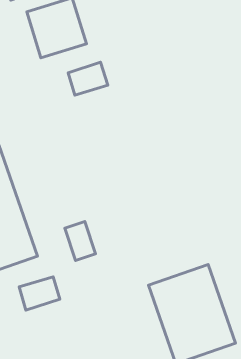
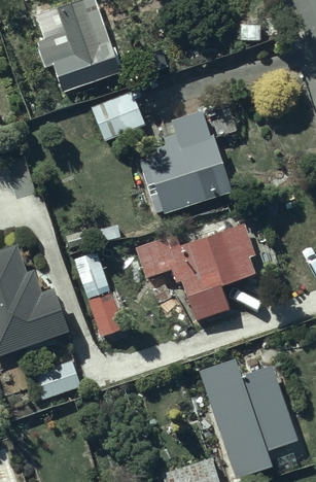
building: none -> [142,120,231,205]
building: none -> [130,216,255,313]

